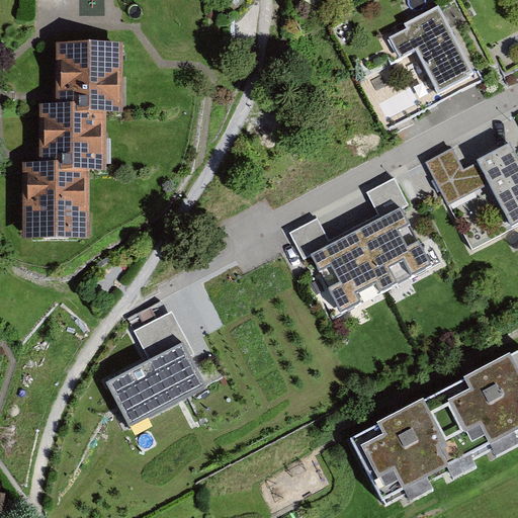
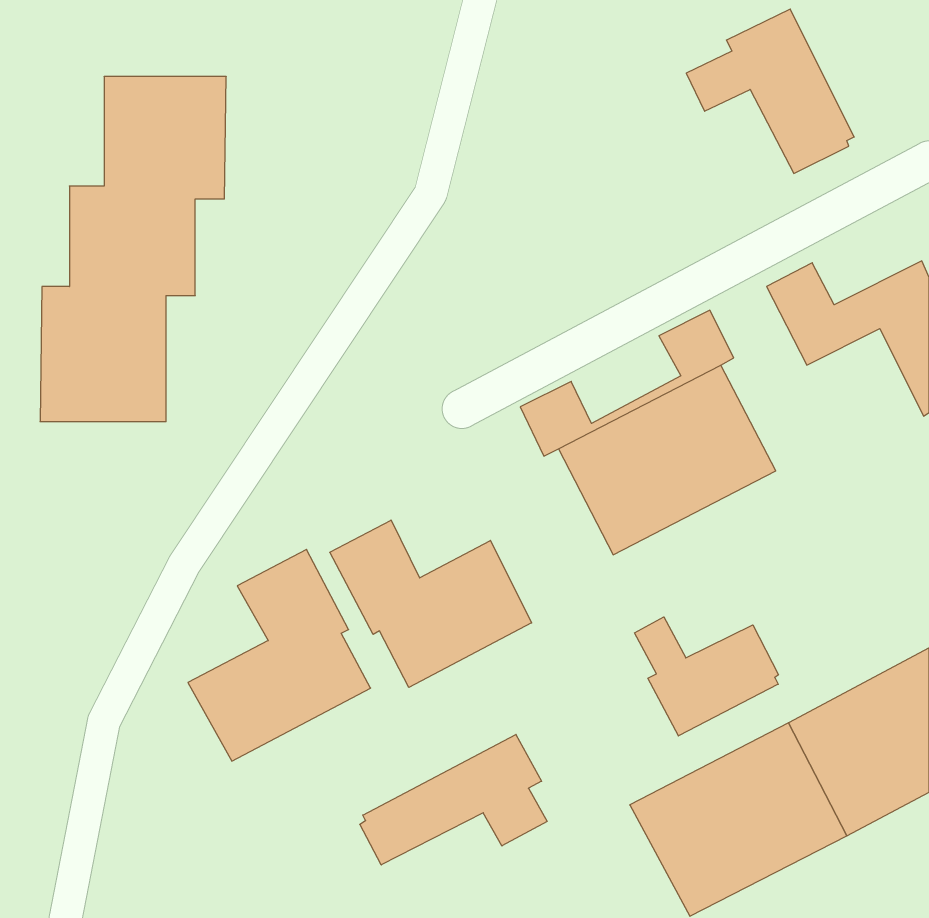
building: none -> [330,520,532,687]
building: none -> [635,617,778,736]
building: none -> [360,734,547,865]

